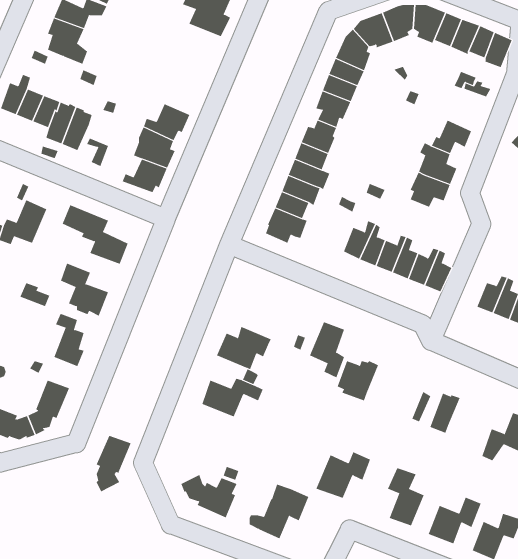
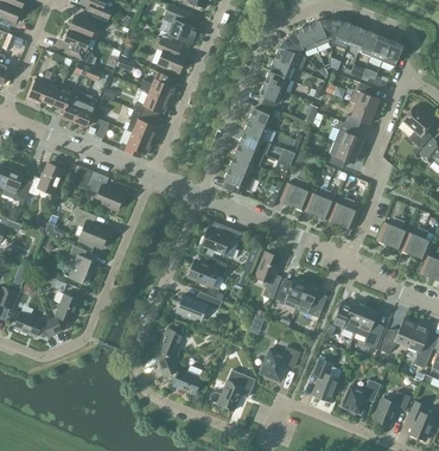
building: none -> [157,39,186,74]
building: none -> [140,72,174,101]
building: none -> [349,82,380,113]
building: none -> [201,227,242,258]
building: none -> [298,284,325,318]
building: none -> [355,307,384,349]
building: [96,435,132,492] -> [158,329,184,370]

